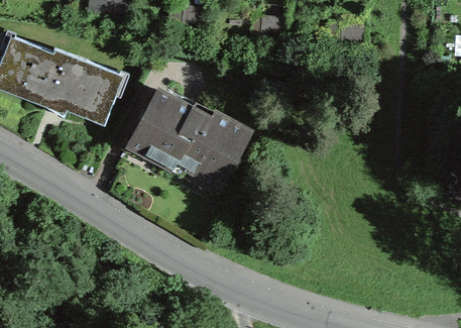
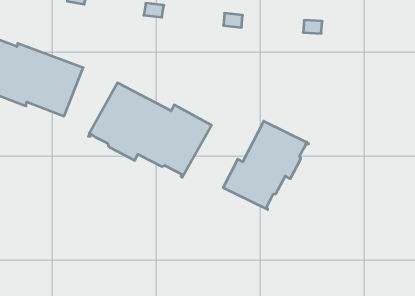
building: none -> [223,121,309,210]

